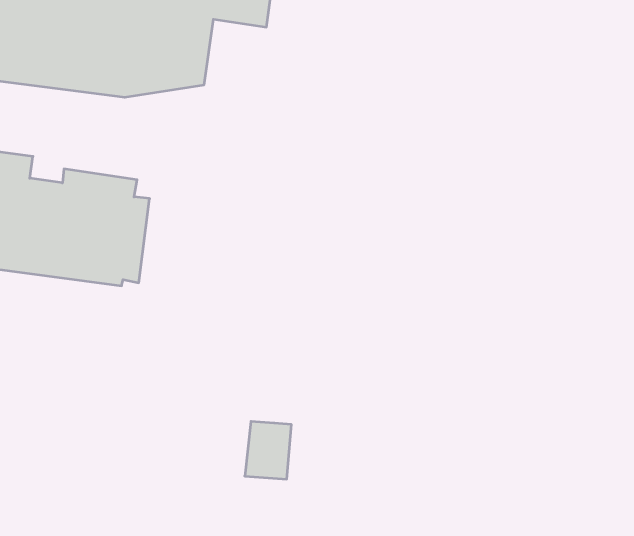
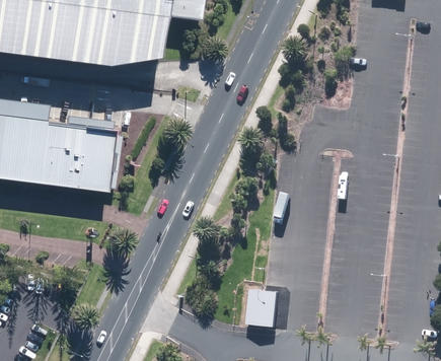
building: [245,421,291,479] -> [248,291,279,329]

